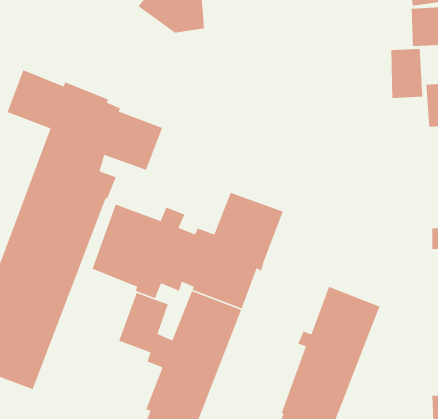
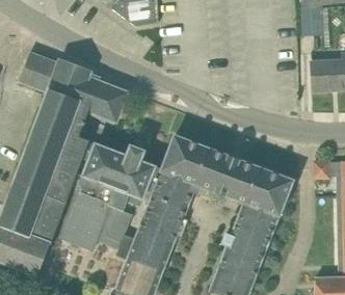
building: [390,48,423,99] -> none
building: none -> [198,150,292,215]
building: none -> [59,190,109,250]

